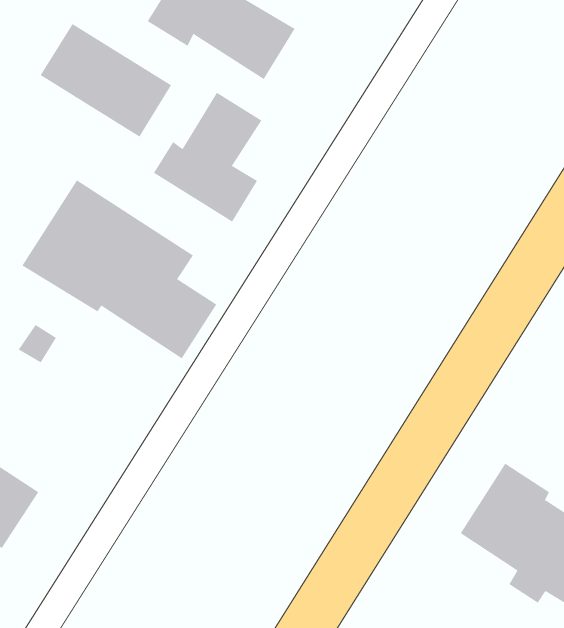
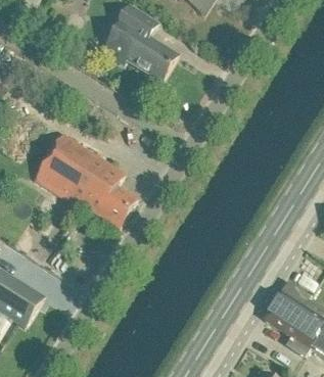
building: [40,23,172,137] -> none
building: [153,92,262,222] -> none

